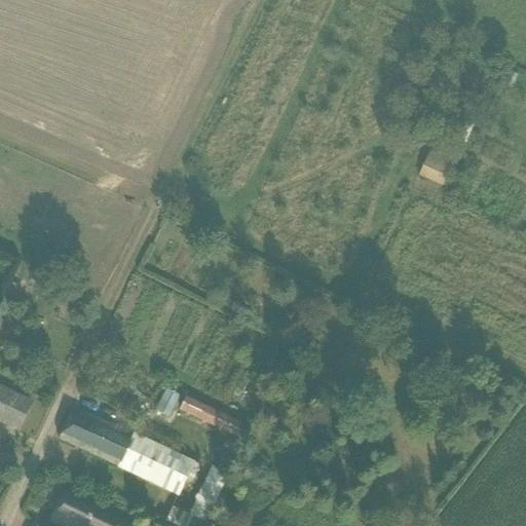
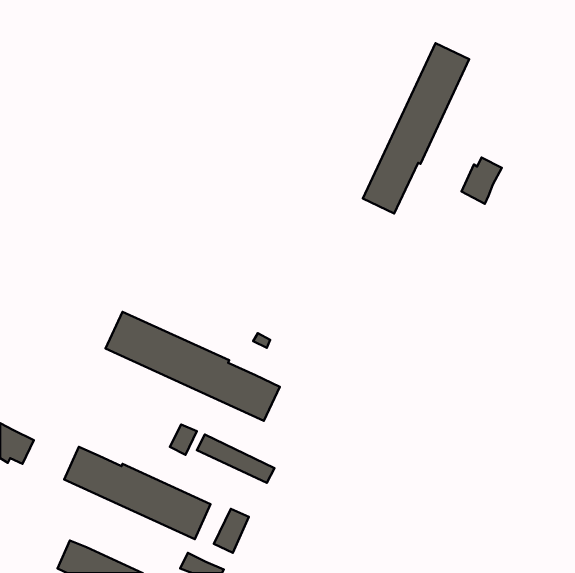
building: none -> [363,43,469,213]
building: none -> [105,312,280,421]

